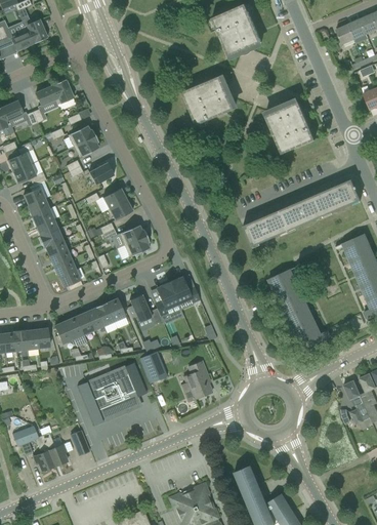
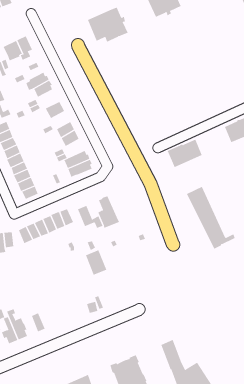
building: [182,76,235,121] -> [87,7,128,42]
building: [264,102,315,154] -> none
building: [280,195,324,231] -> none
building: [168,277,200,310] -> none
building: [180,361,211,402] -> none
building: [77,362,146,426] -> none

